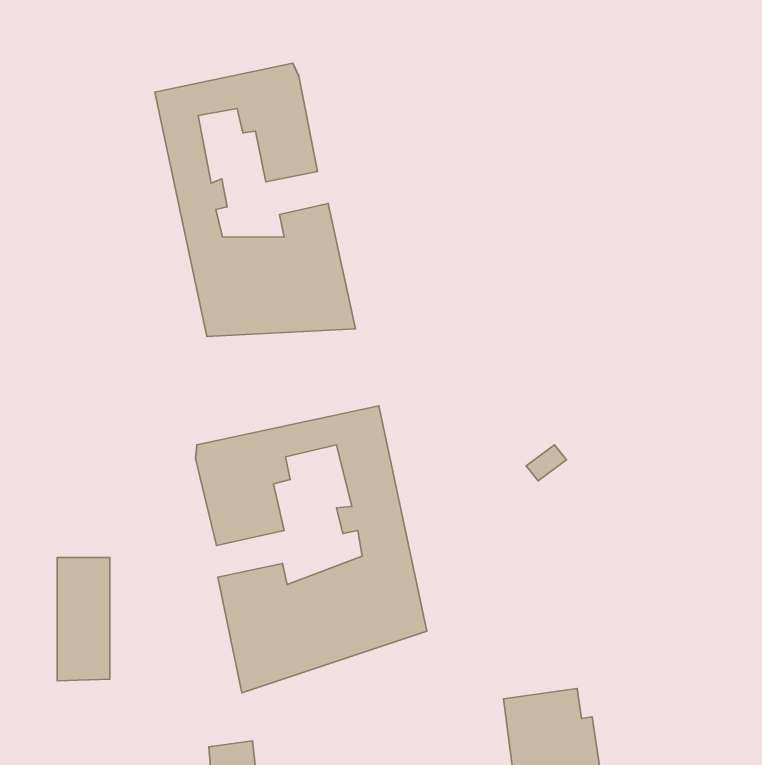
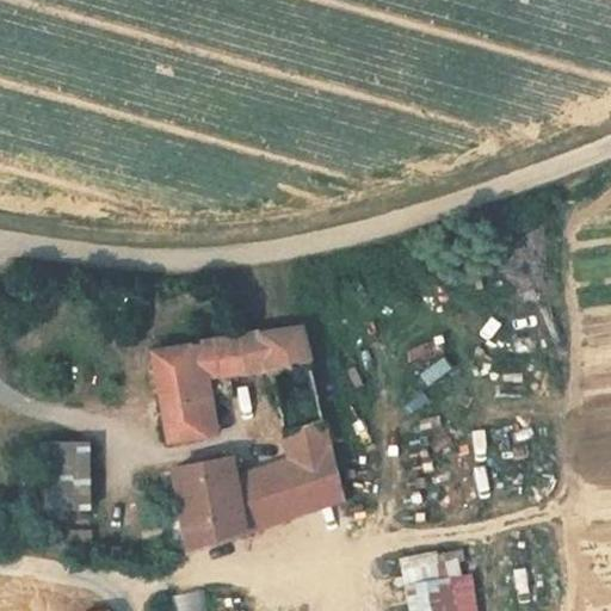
building: [155,63,356,336] -> none

